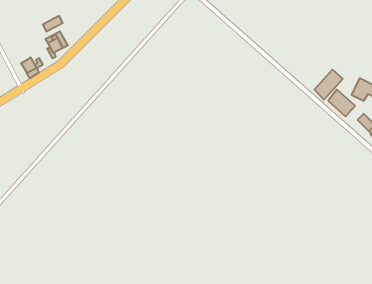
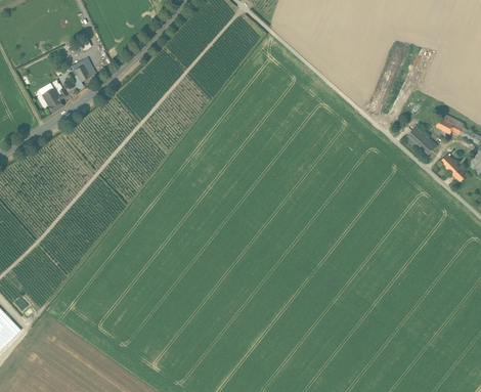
building: [314,70,343,100] -> none

